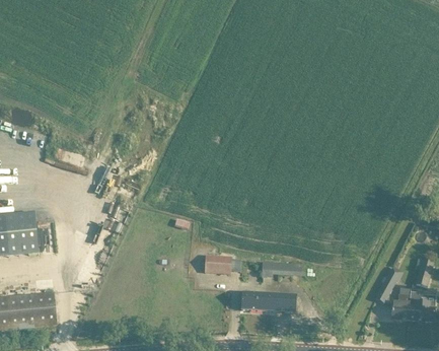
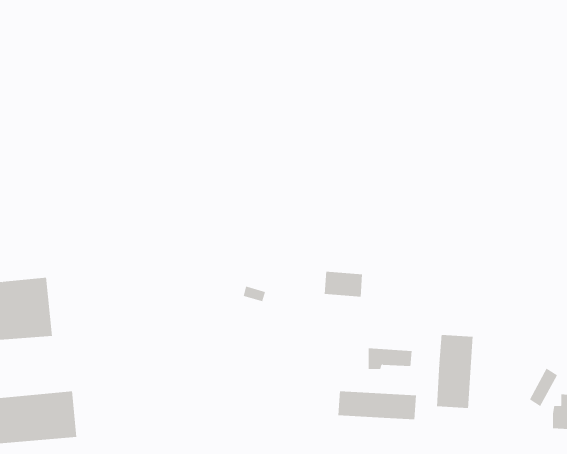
building: none -> [437,334,473,409]
building: [205,254,232,272] -> [324,271,363,297]

